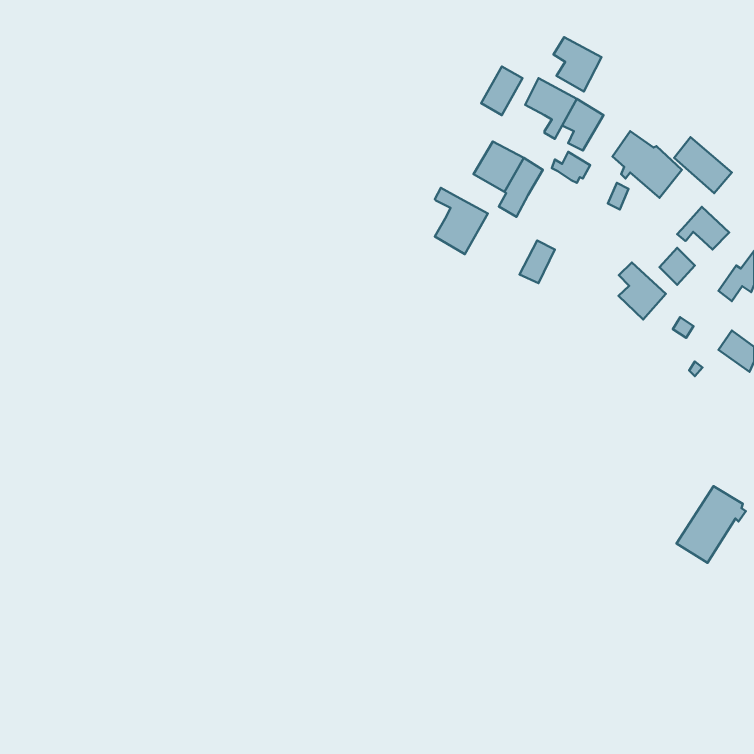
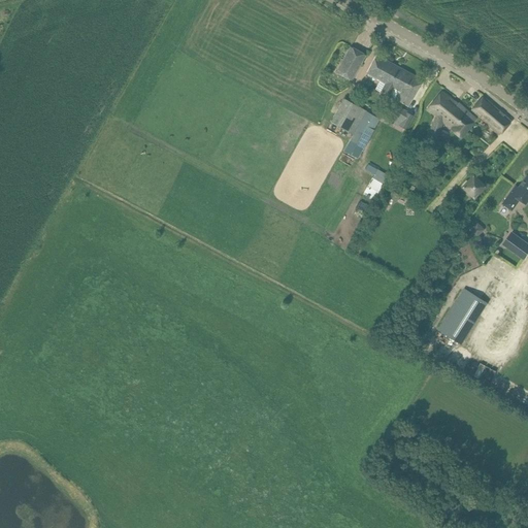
building: [553,37,602,91] -> none
building: [435,188,488,254] -> none
building: [677,207,729,249] -> none
building: [619,263,666,319] -> none
building: [676,486,746,563] -> [437,290,486,343]

